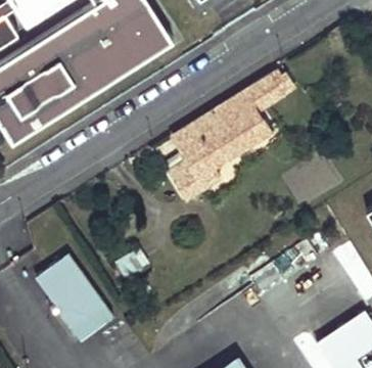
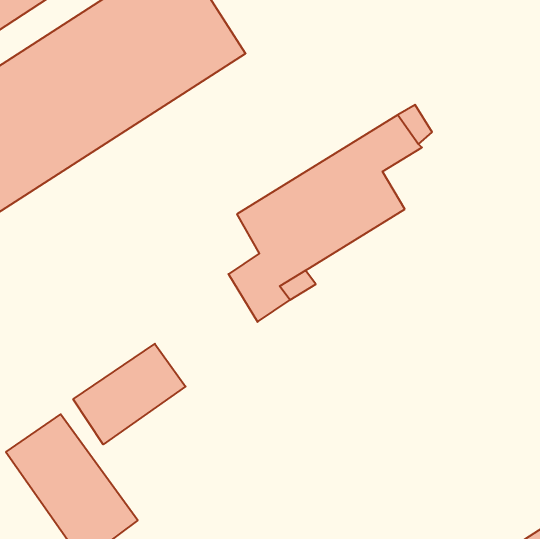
building: none -> [73,344,186,444]

